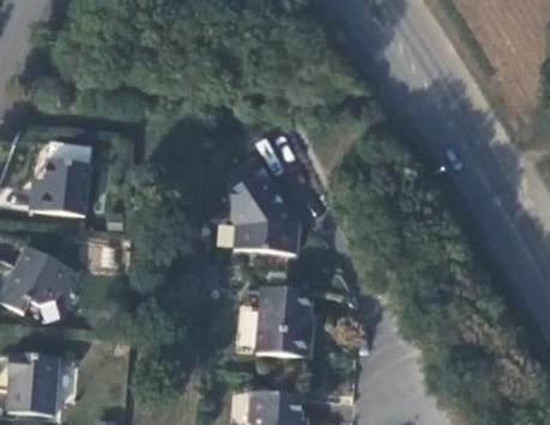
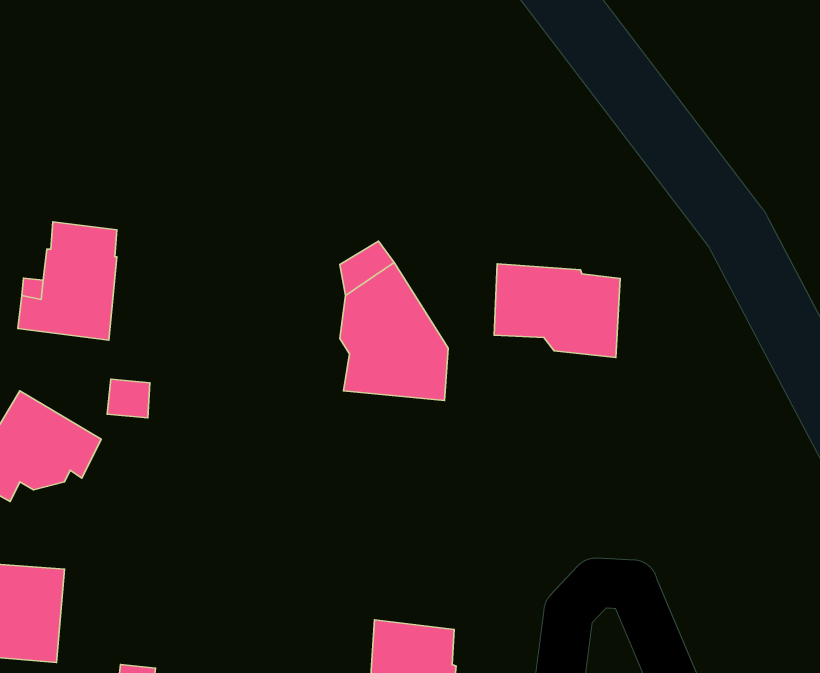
building: none -> [494,264,620,357]
building: [256,286,310,356] -> none

